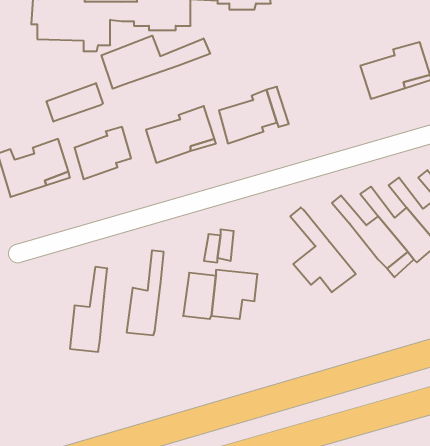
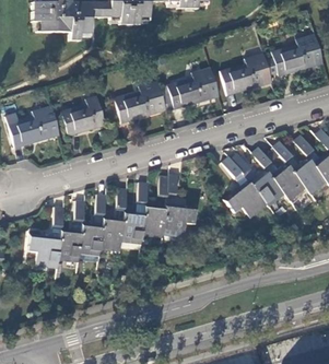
building: [102,36,210,89] -> none
building: none -> [221,54,272,95]
building: [46,83,103,122] -> none
building: none -> [231,153,285,208]
building: none -> [121,181,149,249]
building: none -> [81,193,107,257]
building: none -> [28,206,64,269]

